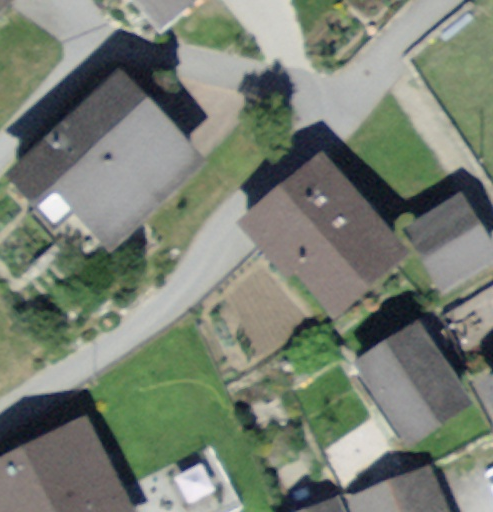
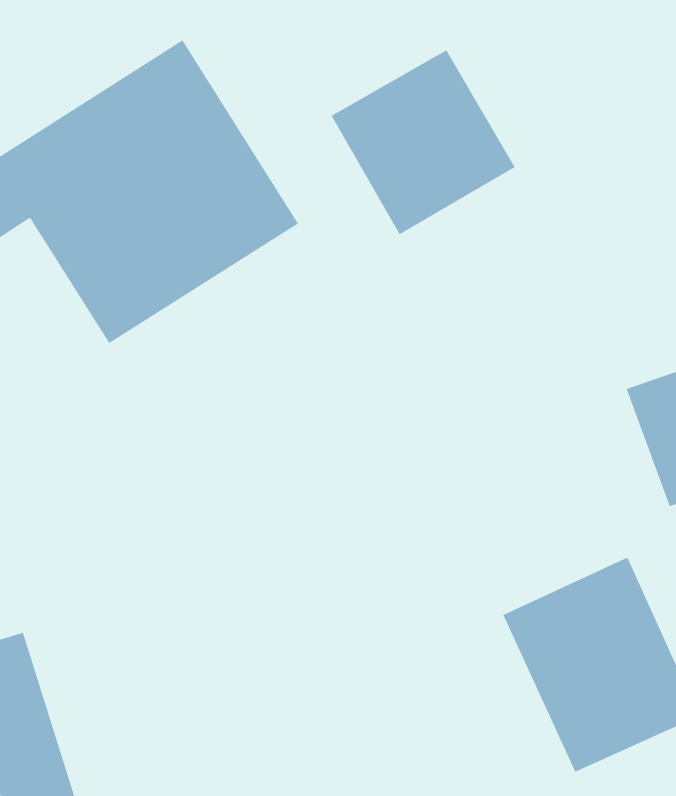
building: none -> [331,49,515,235]
building: [241,159,405,327] -> none

